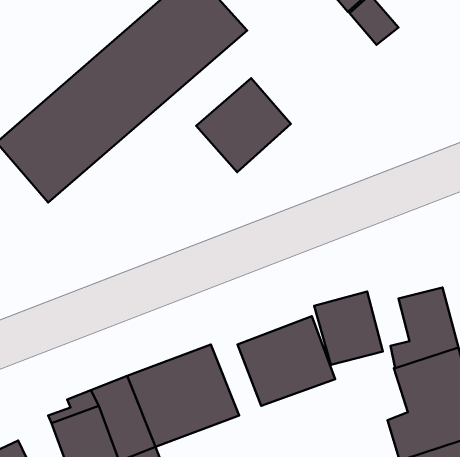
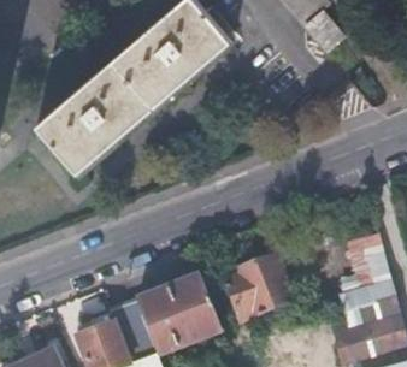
building: [196,78,291,172] -> none
building: [314,292,383,365] -> none

